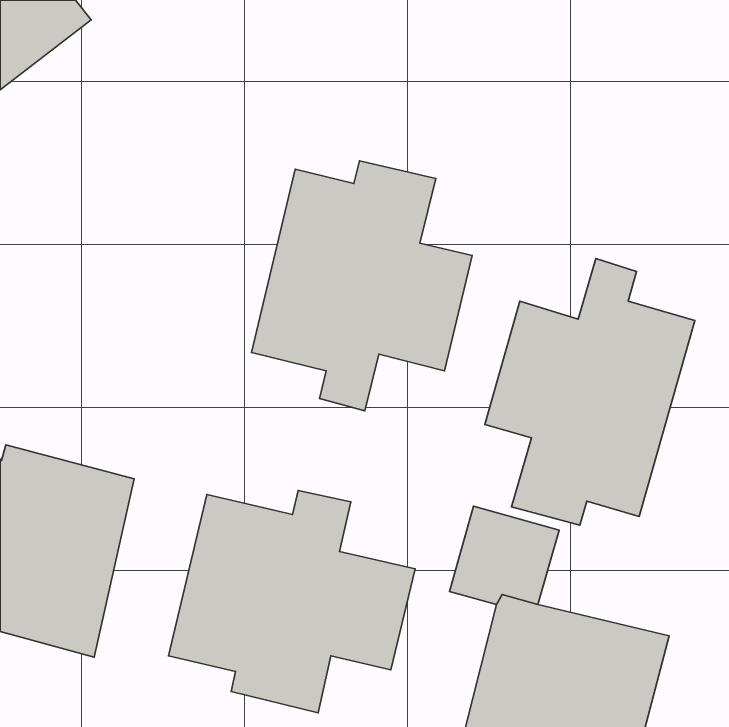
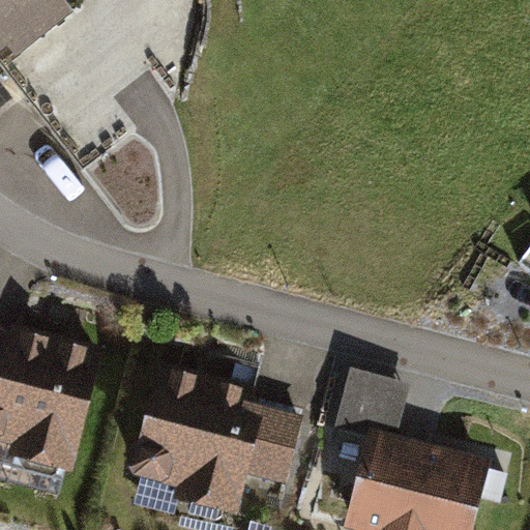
building: [251,161,472,411] -> none
building: [485,259,695,525] -> none

